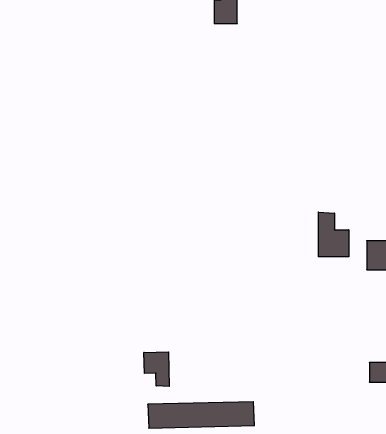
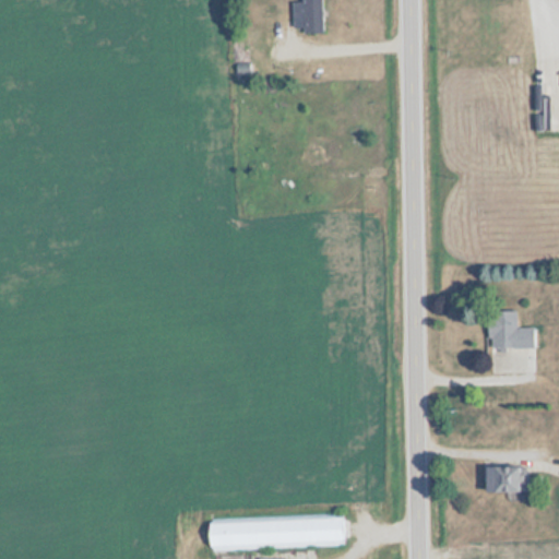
building: [318,212,349,257] -> none
building: [144,352,169,386] -> none

